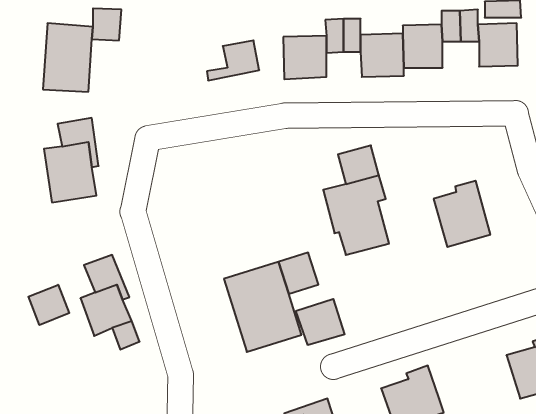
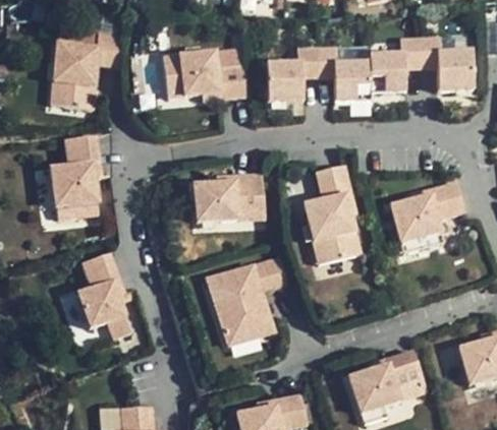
building: none -> [154,50,212,99]
building: none -> [190,172,262,224]
building: none -> [434,183,470,220]
building: [28,285,69,325] -> none
building: [296,299,345,345] -> none
building: none -> [391,347,426,384]

